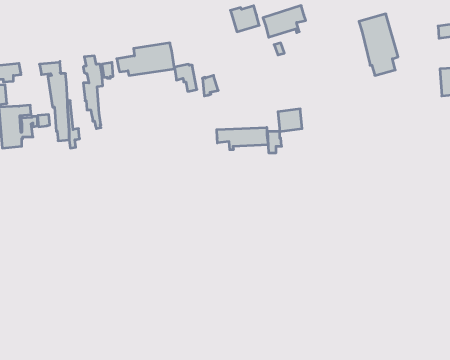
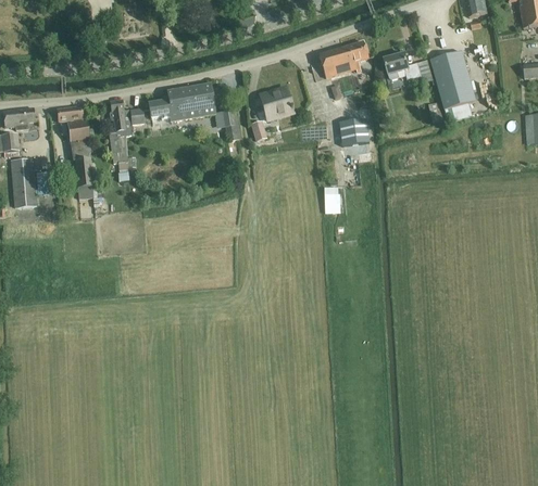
building: [230,6,259,32] -> [260,89,293,119]
building: none -> [384,53,421,80]
building: [278,109,302,131] -> [341,117,370,143]
building: [217,127,268,150] -> none

